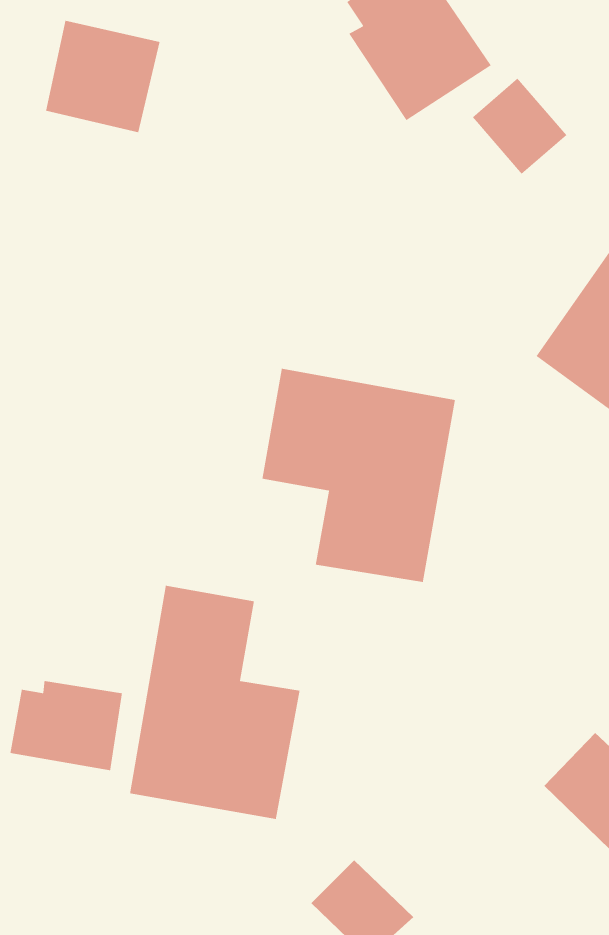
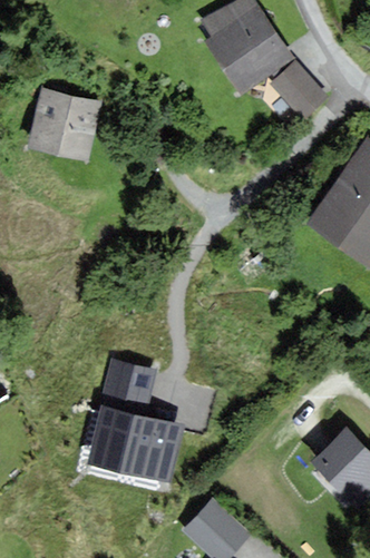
building: [45,20,161,133] -> [32,94,97,157]
building: [262,368,456,583] -> none
building: [9,680,123,771] -> none

